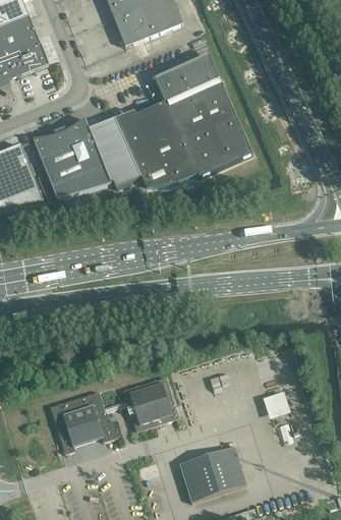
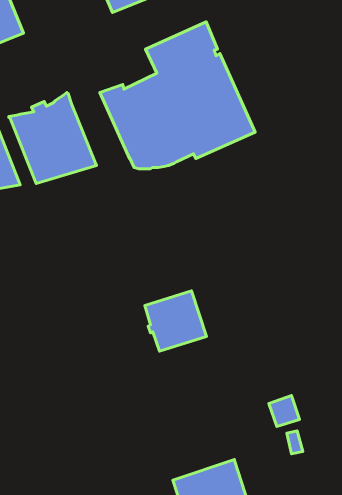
building: [89,117,140,185] -> none
building: [123,375,178,429] -> [145,291,206,351]
building: [50,390,118,452] -> none

